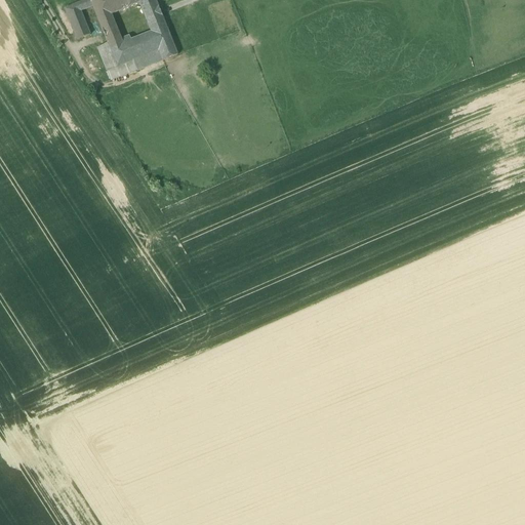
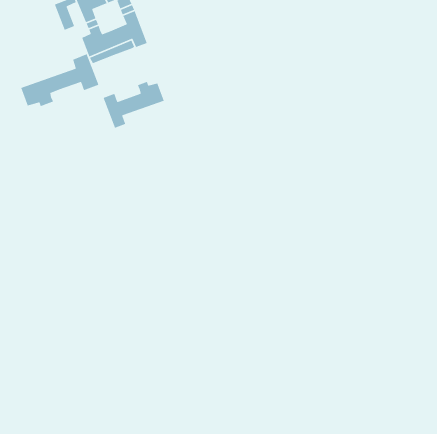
building: none -> [20,53,100,107]
building: none -> [102,81,165,129]

